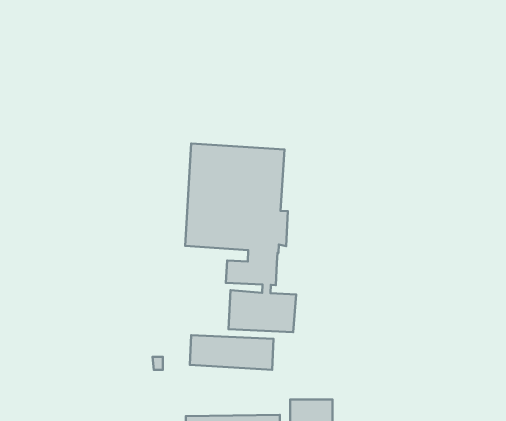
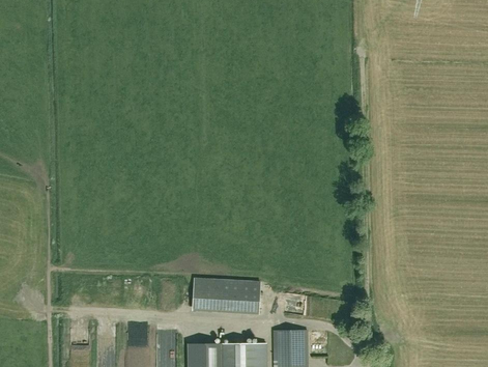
building: [185,144,296,332] -> none

